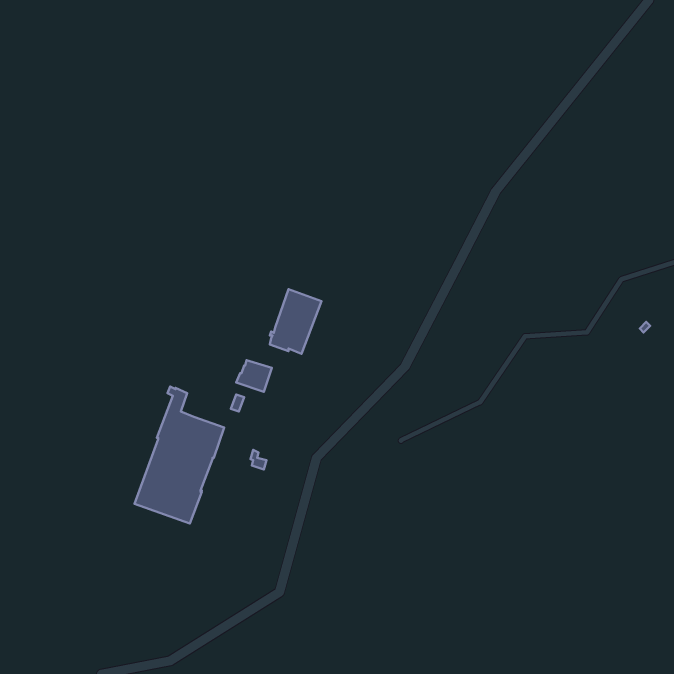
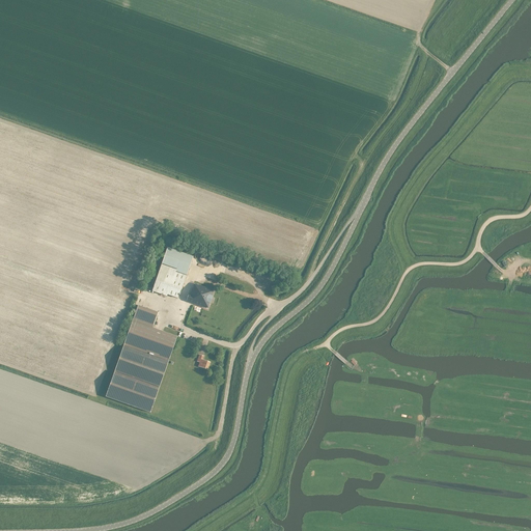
building: [270,289,321,354] -> [152,247,193,298]

